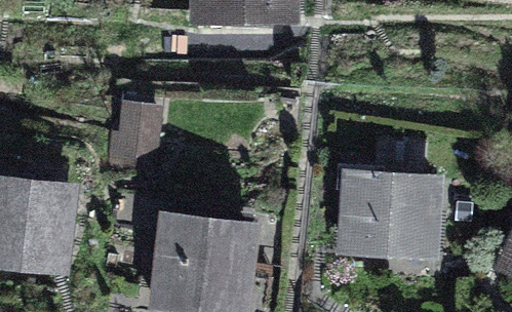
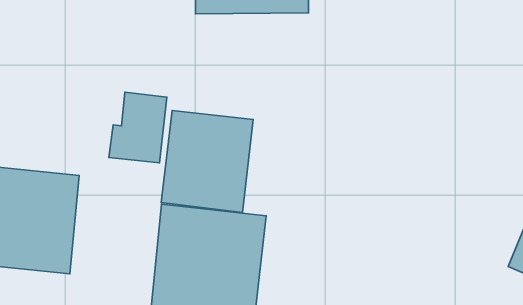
building: none -> [161,111,253,213]
building: [338,168,444,262] -> none

